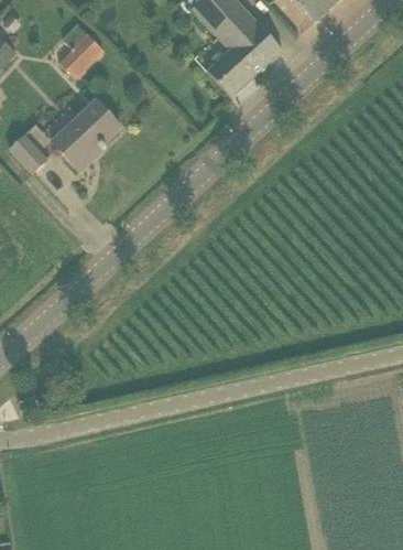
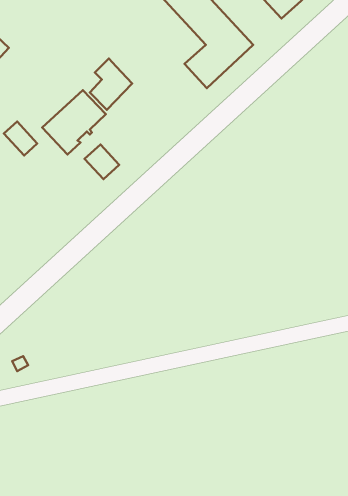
building: [57,22,104,78] -> [90,58,132,110]
building: none -> [85,144,119,179]

